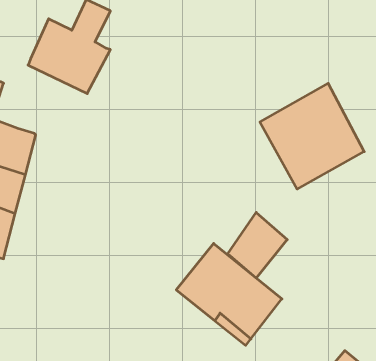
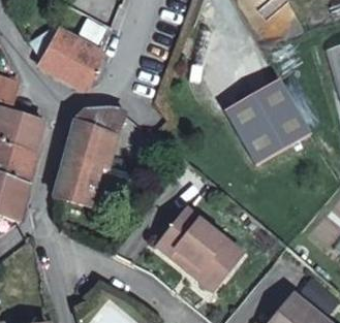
building: none -> [54,108,127,203]
building: [228,212,287,278] -> none

